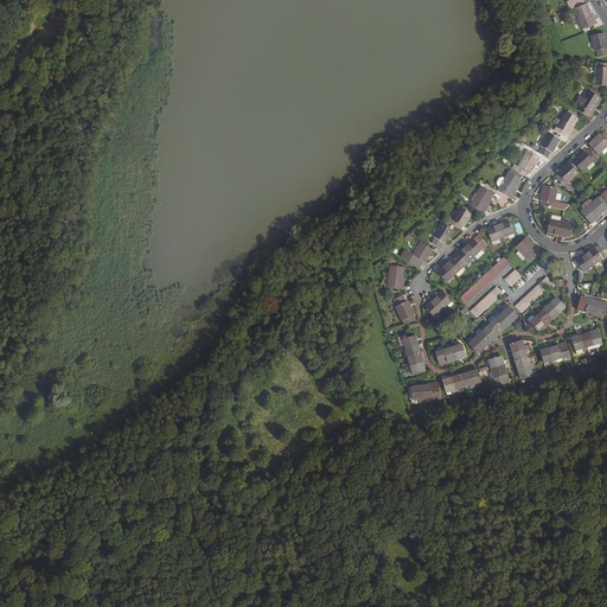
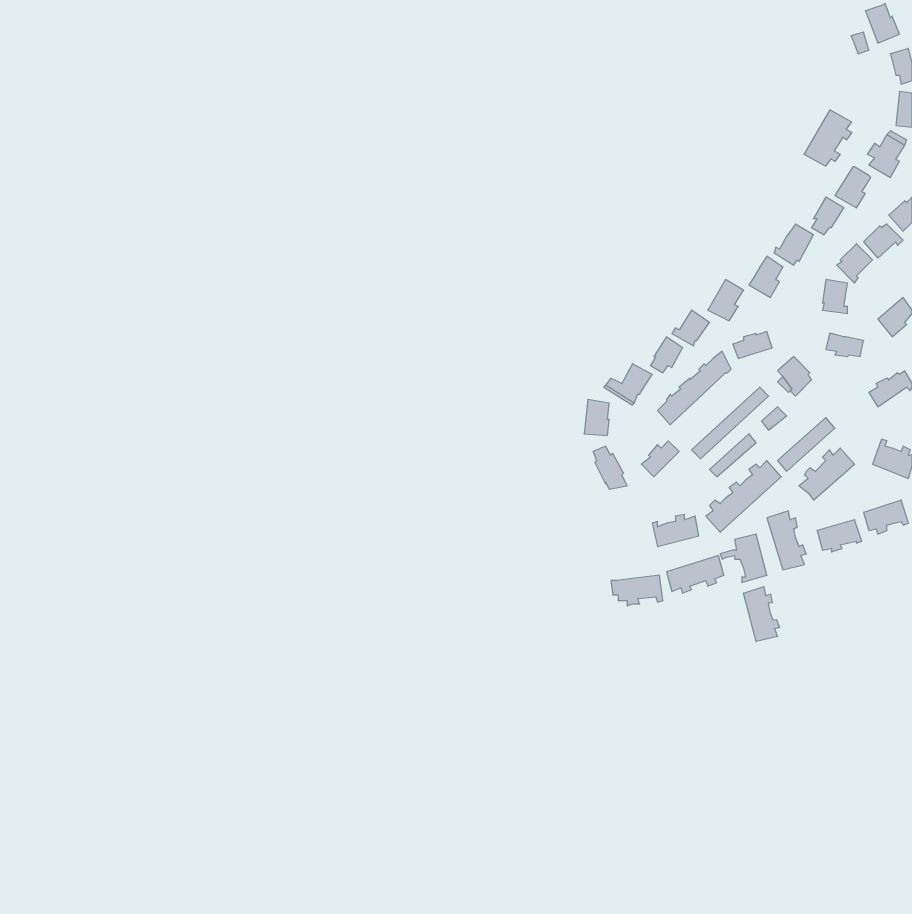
building: none -> [804,110,852,166]
building: [397,333,423,372] -> none
building: none -> [744,587,780,642]

